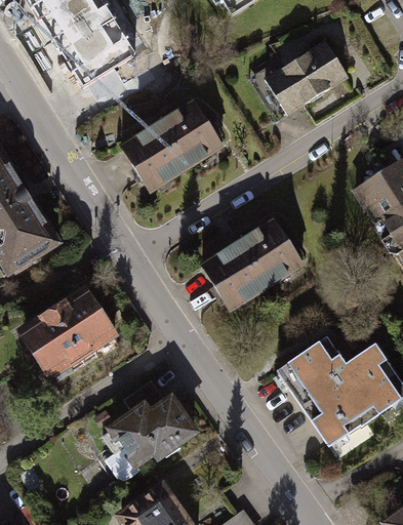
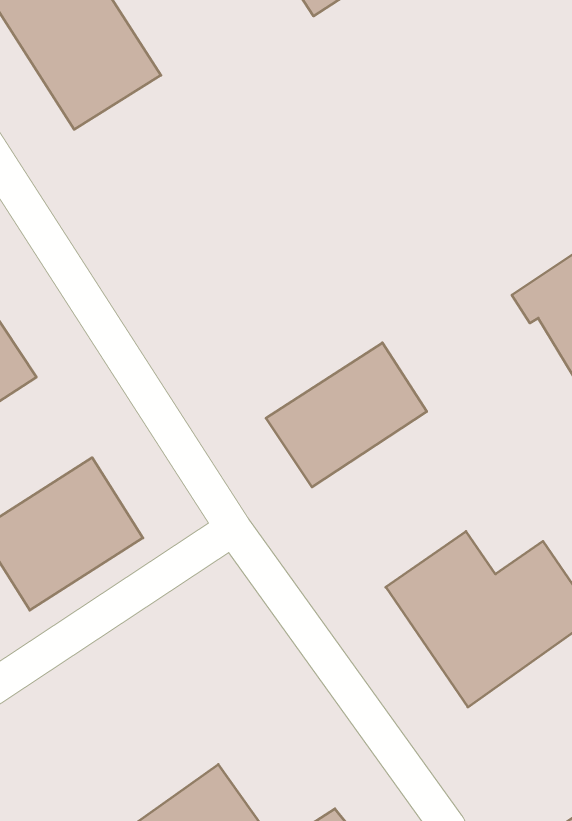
building: [261,38,347,113] -> none
building: [119,99,220,190] -> none
building: [98,377,203,486] -> none

